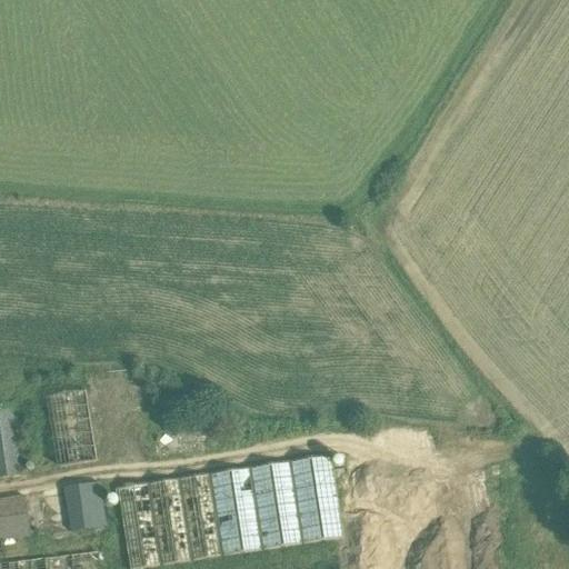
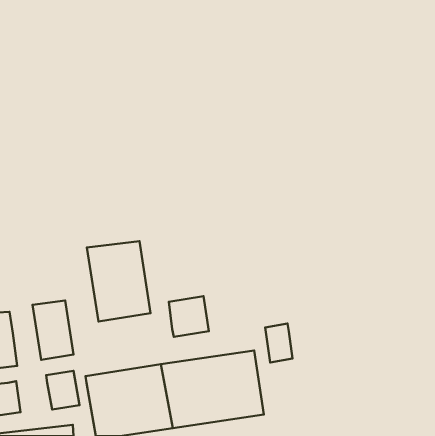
building: none -> [87,241,151,321]
building: none -> [169,296,209,337]
building: none -> [265,324,292,362]

